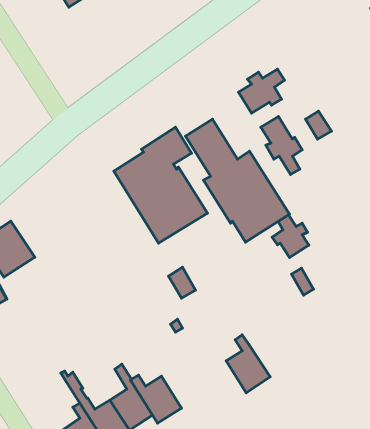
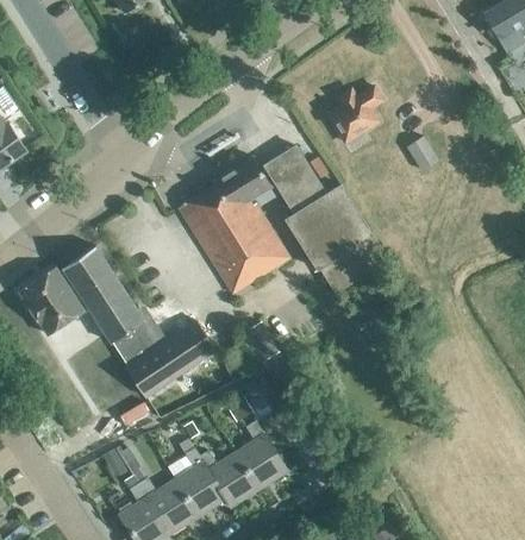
building: [261,117,302,175] -> none
building: none -> [62,245,217,396]
building: [272,215,309,257] -> none
building: [226,335,270,393] -> [236,420,288,489]

